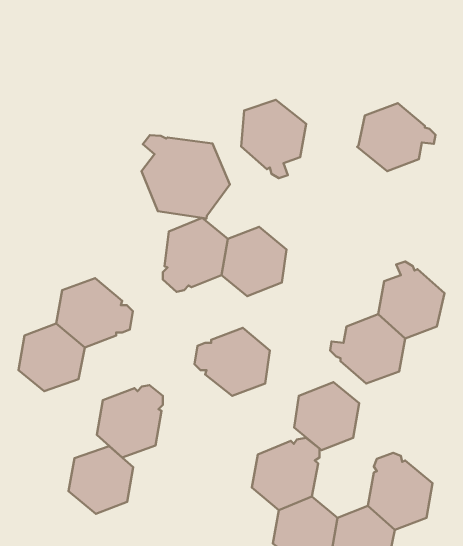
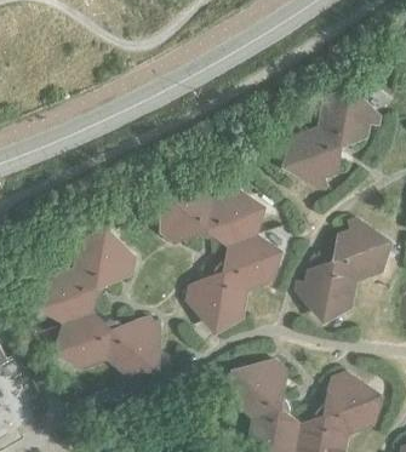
building: [241,100,306,178] -> [288,127,341,190]
building: [142,135,230,219] -> none
building: [294,382,359,450] -> [224,236,276,291]
building: [69,446,133,514] -> [59,314,111,368]

